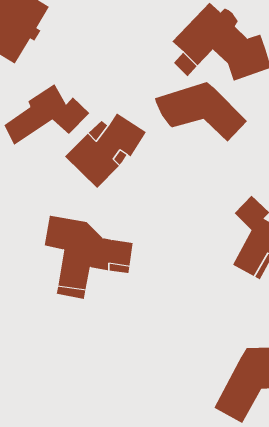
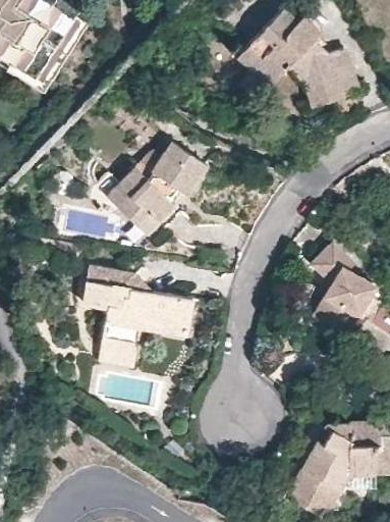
building: [154,81,248,142] -> none
building: [3,83,90,146] -> none

